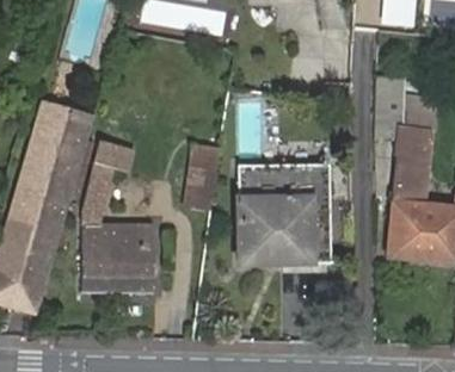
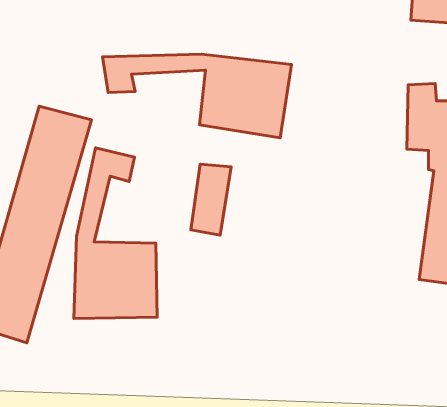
building: none -> [102,54,291,138]
building: [235,162,332,264] -> none

